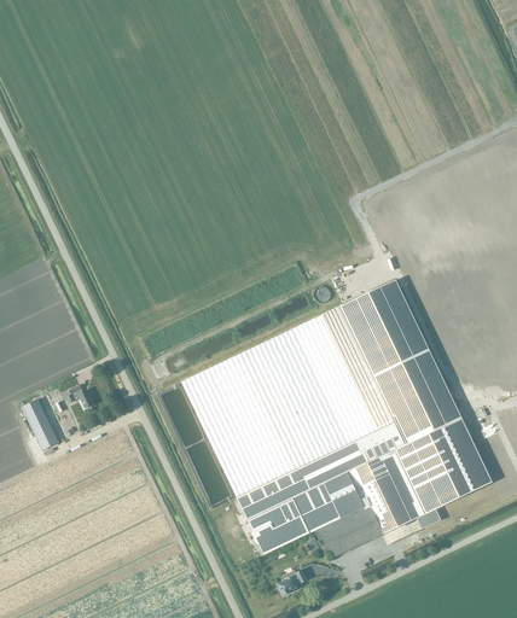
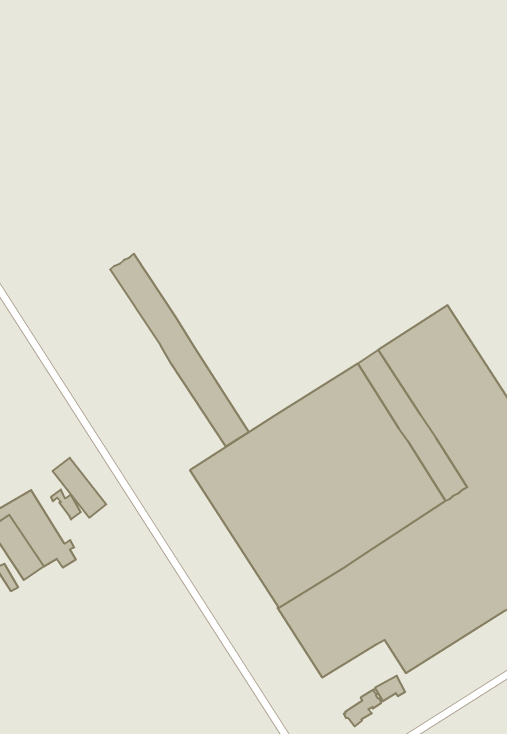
building: none -> [110,254,249,446]
building: none -> [53,458,106,518]

